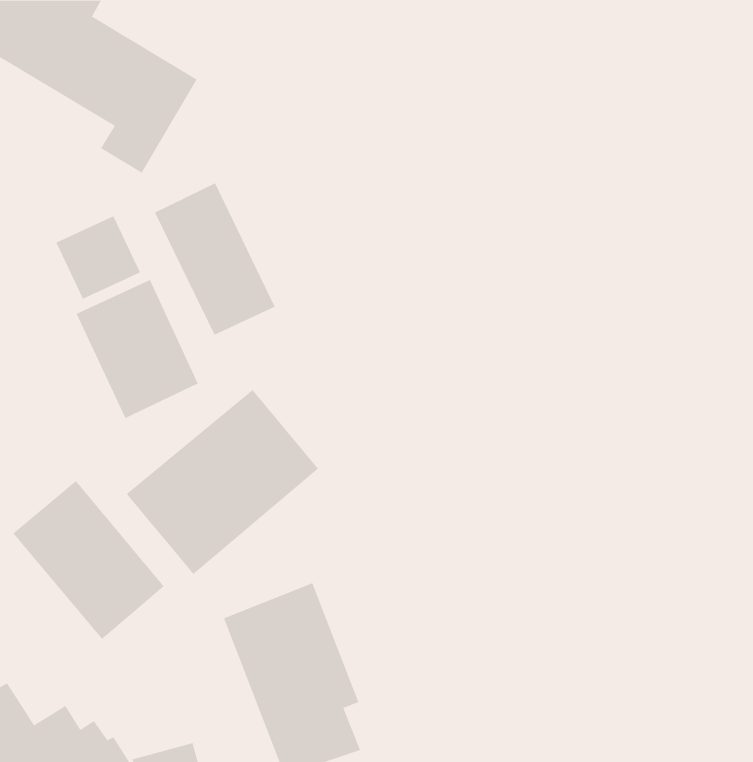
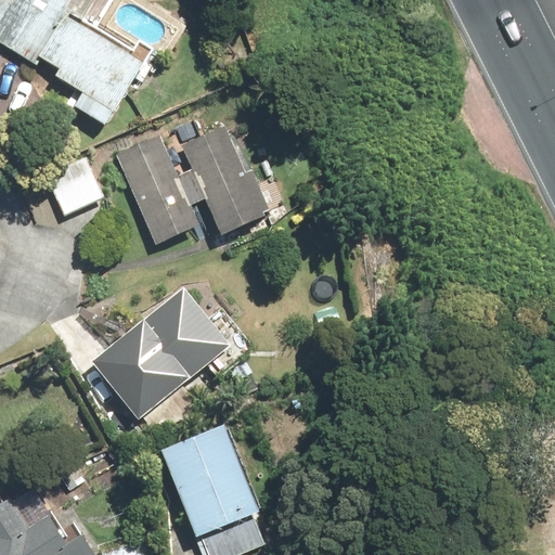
building: none -> [179,121,274,235]
building: [76,279,199,419] -> none
building: [12,480,164,640] -> none

